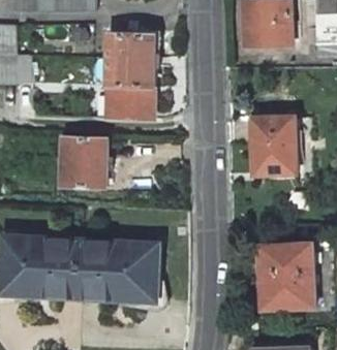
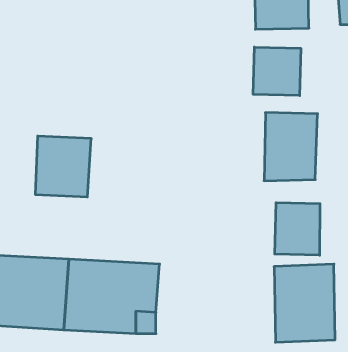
building: [104,34,151,118] -> none
building: none -> [253,47,301,96]
building: none -> [275,203,320,255]

